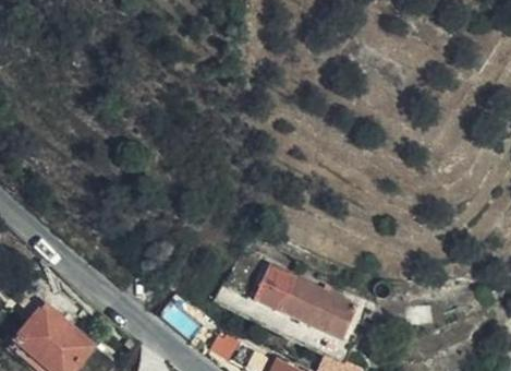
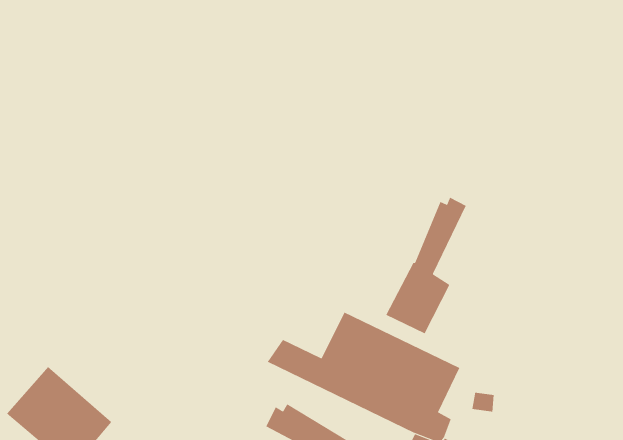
building: none -> [385,197,467,334]

